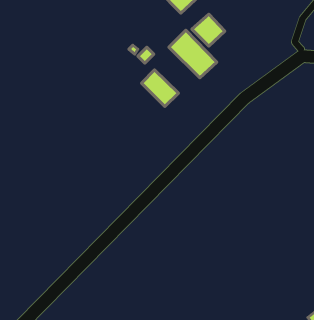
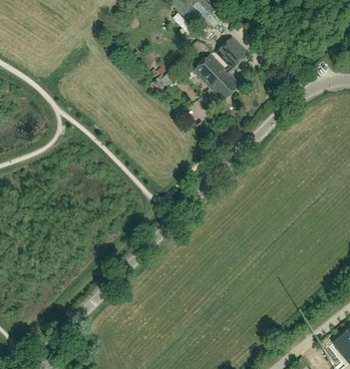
building: [142,70,179,107] -> none

